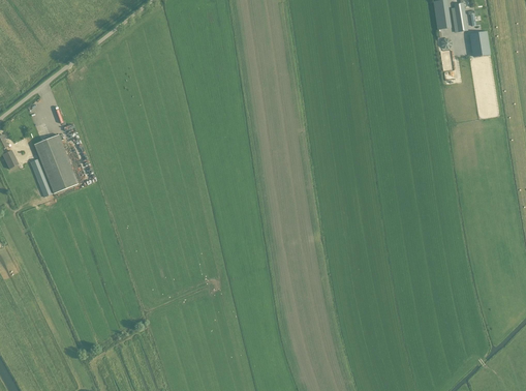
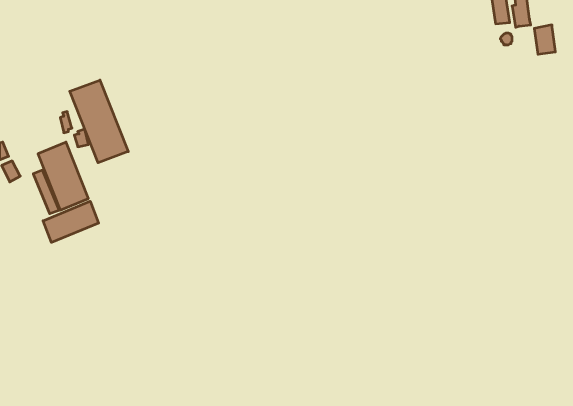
building: none -> [70,80,128,163]
building: none -> [43,201,99,242]

